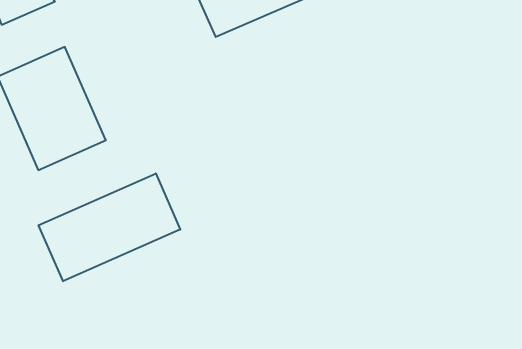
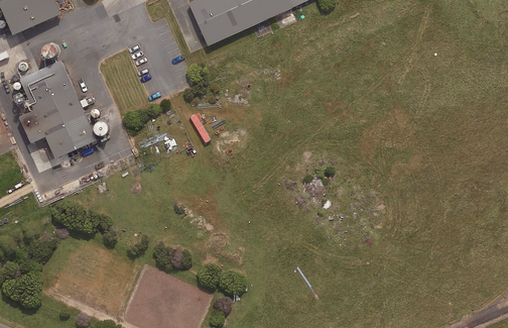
building: [39,173,180,281] -> none

